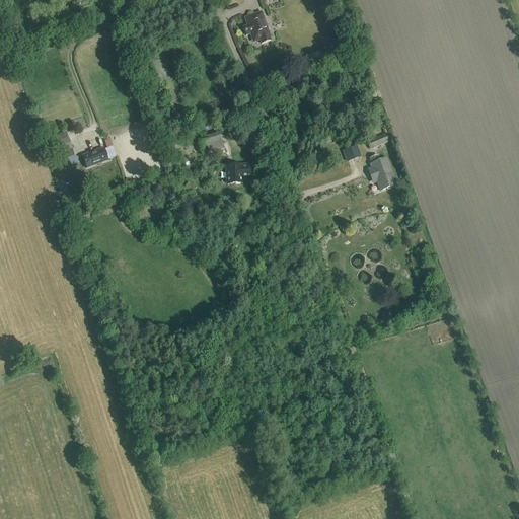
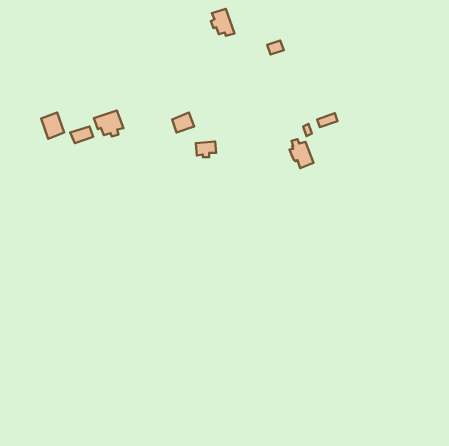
building: none -> [94,111,123,137]
building: [368,154,395,188] -> [290,139,313,168]

